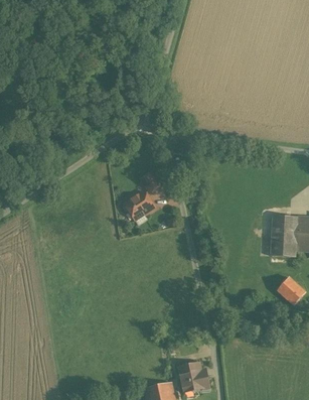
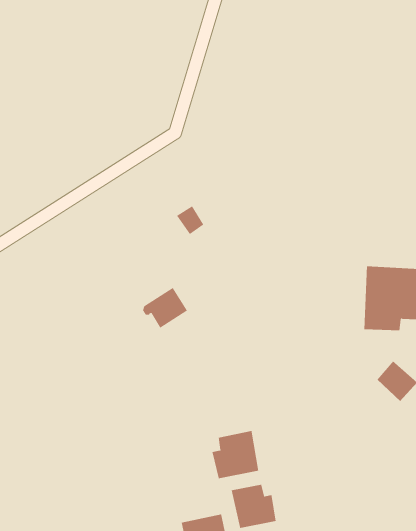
building: [123,190,154,219] -> [142,287,188,328]
building: none -> [212,430,259,479]

